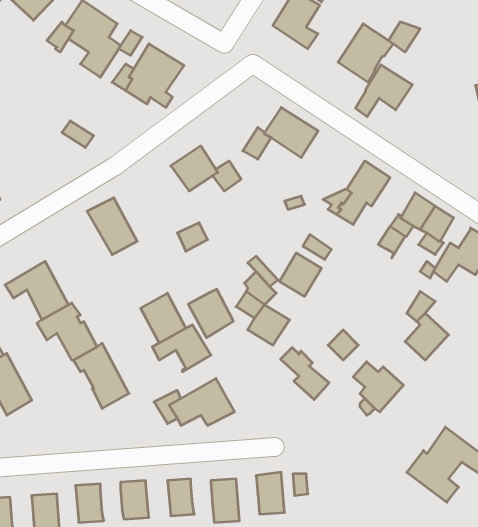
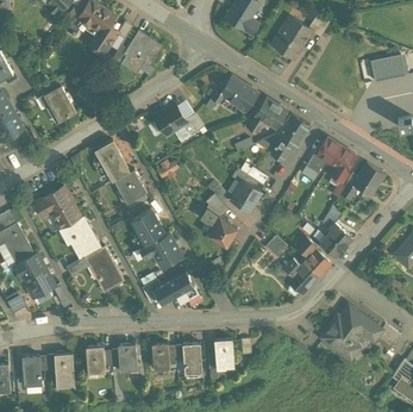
building: [356,65,412,117] -> [248,99,288,136]
building: none -> [39,87,76,124]
building: [188,289,233,338] -> [114,170,146,205]
building: [281,348,329,400] -> [295,238,330,275]

